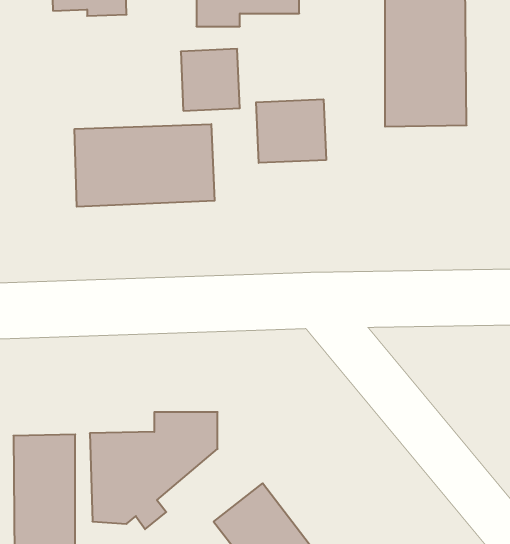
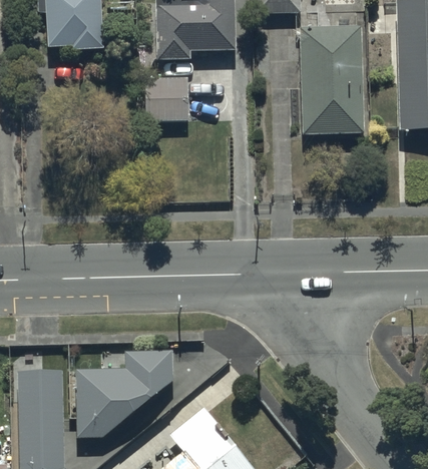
building: [256,99,326,163] -> none
building: [75,124,215,207] -> none

